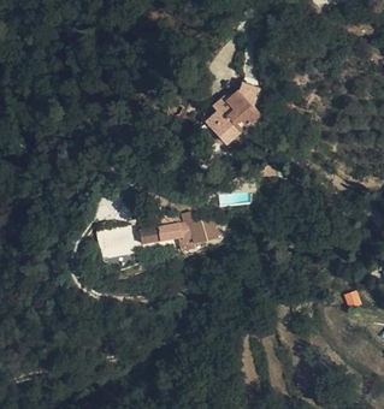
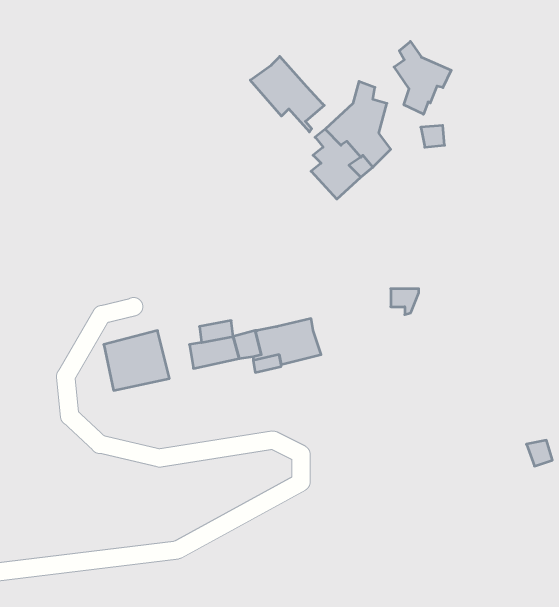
building: none -> [394,41,451,114]
building: none -> [250,56,324,132]

